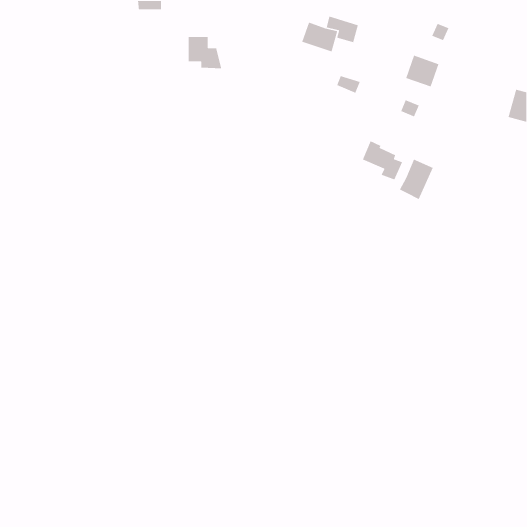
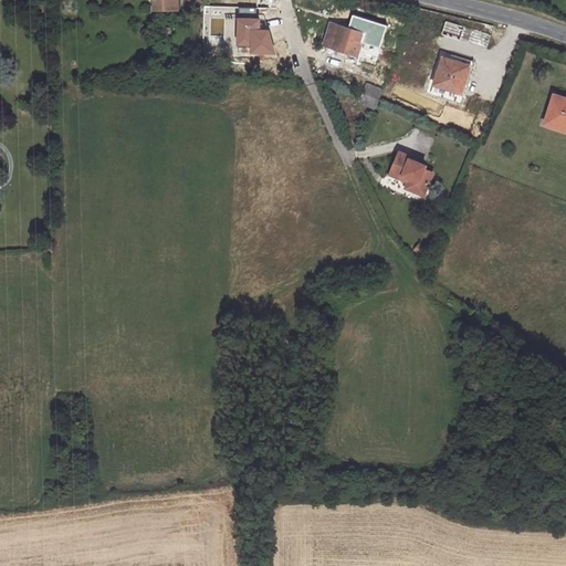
building: [188,36,222,69] -> [238,19,274,54]
building: [399,159,434,200] -> none

